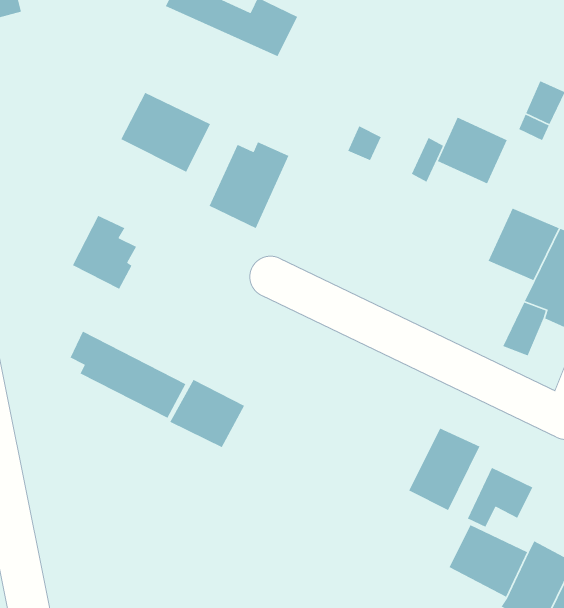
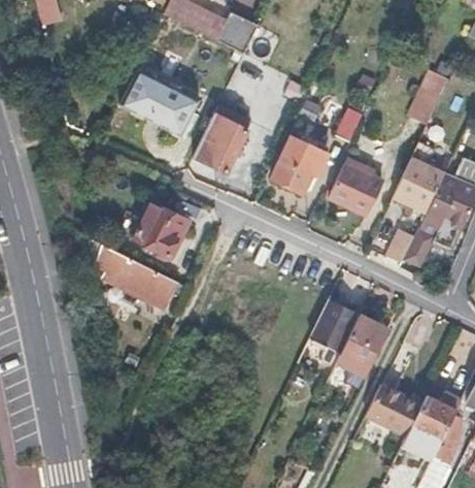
building: [437,117,508,185] -> [331,166,381,215]
building: none -> [270,138,327,194]
building: [72,215,137,290] -> [134,201,180,255]
building: [169,379,245,448] -> none
building: [467,467,533,528] -> [309,299,357,343]

